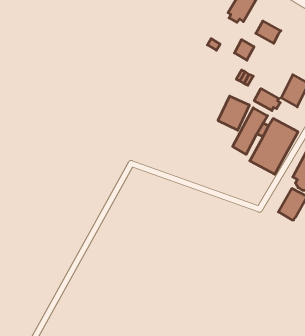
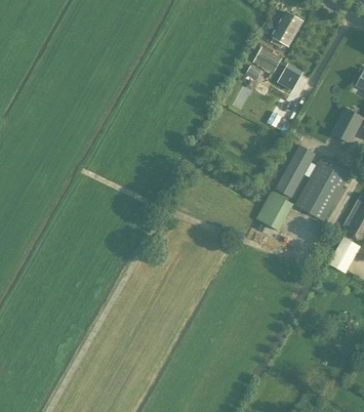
building: [256,21,281,43] -> [253,47,282,73]
building: [254,89,280,111] -> none
building: [218,96,249,130] -> [255,192,291,231]

